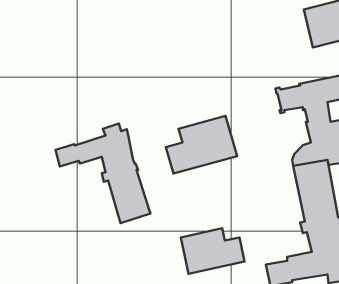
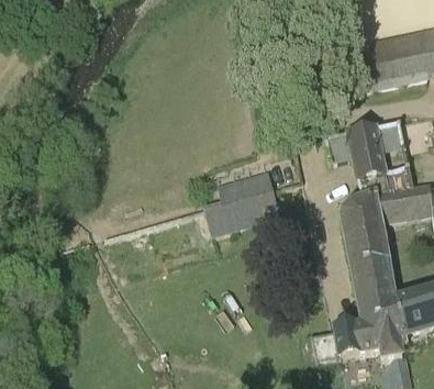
building: [55,124,150,223] -> none
building: [181,228,245,274] -> none

